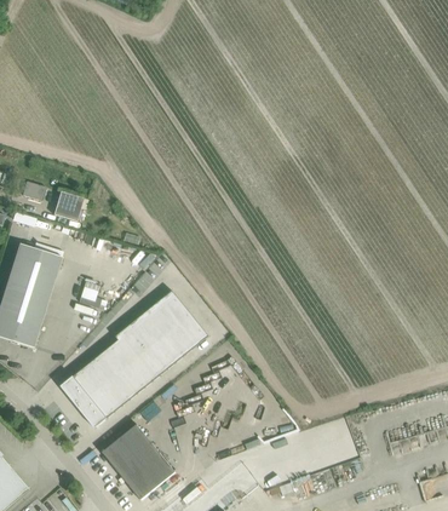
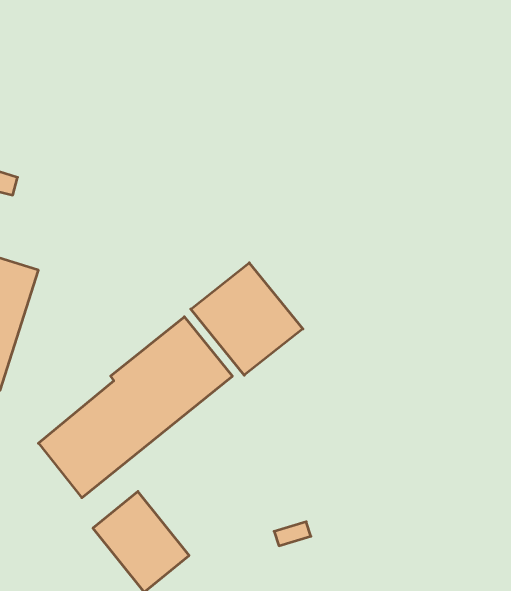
building: [53,191,85,222] -> none
building: none -> [191,263,303,375]

